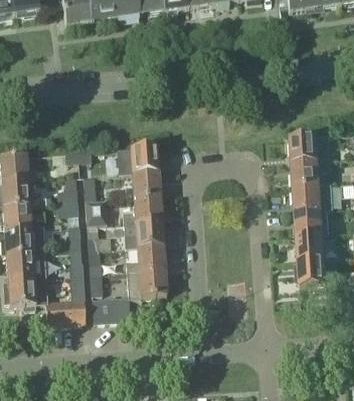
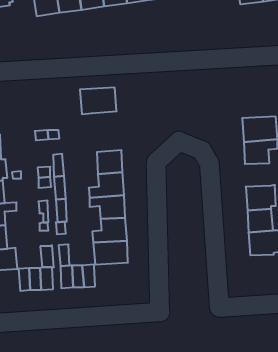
building: [118,145,158,174] -> [80,88,117,114]
building: [293,185,321,211] -> none

